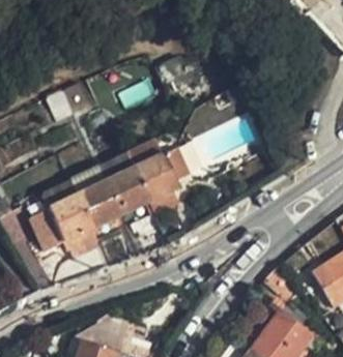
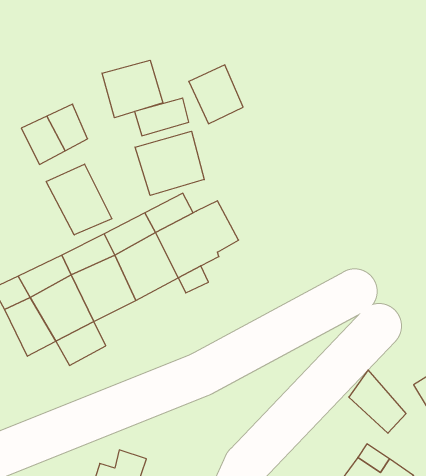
building: none -> [102,60,163,118]
building: none -> [135,131,204,195]
building: none -> [46,164,112,235]

